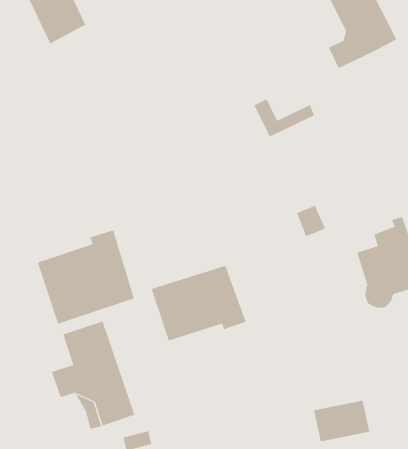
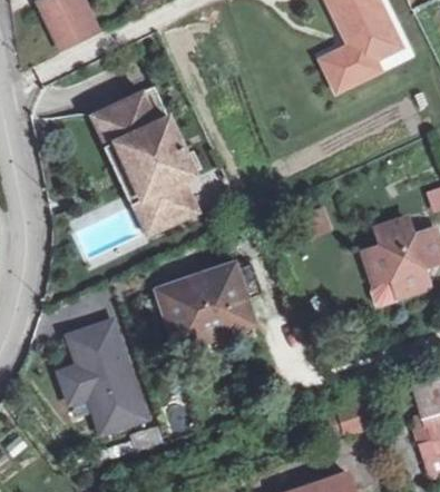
building: none -> [106,92,197,228]
building: [254,99,315,137] -> [320,52,380,90]
building: [37,230,134,325] -> none

